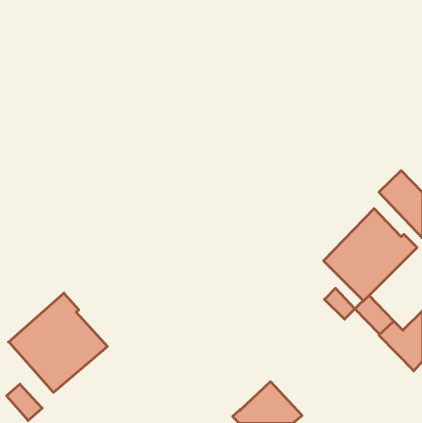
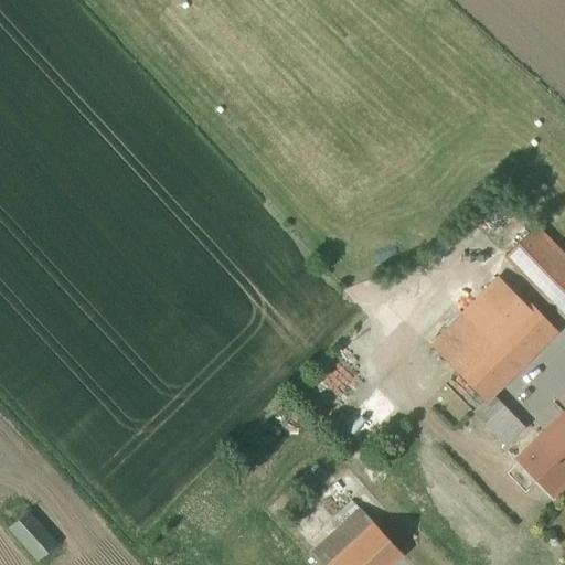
building: [324,288,355,319] -> none
building: [8,293,107,392] -> none

